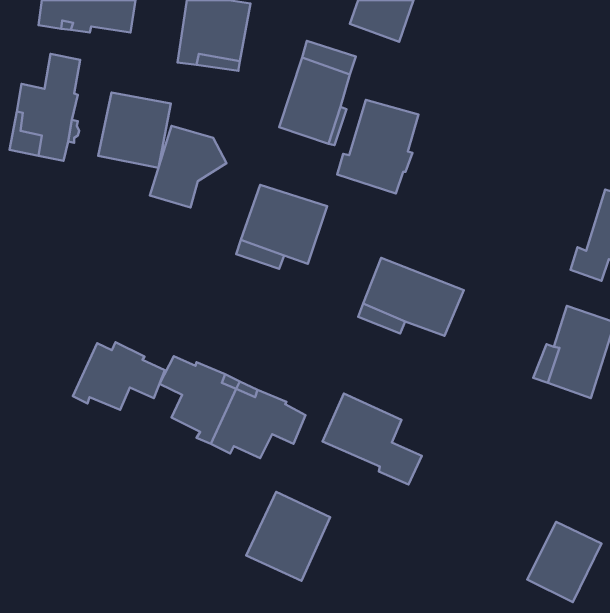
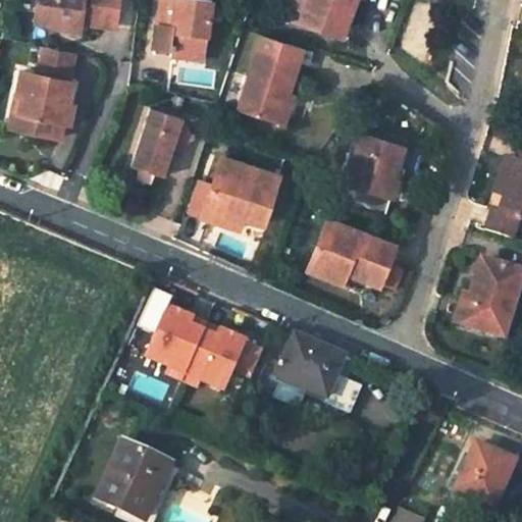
building: [98,92,171,168] -> none
building: [337,100,419,194] -> [334,136,404,215]
building: [73,342,165,410] -> none
building: [246,492,330,581] -> [100,441,171,517]

